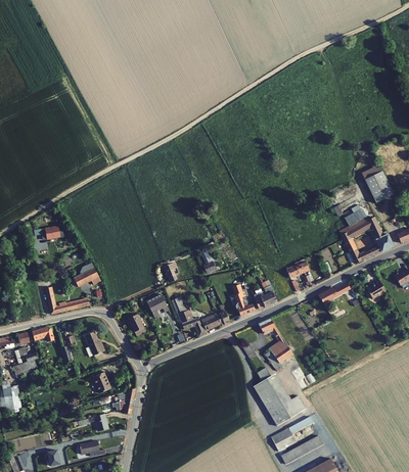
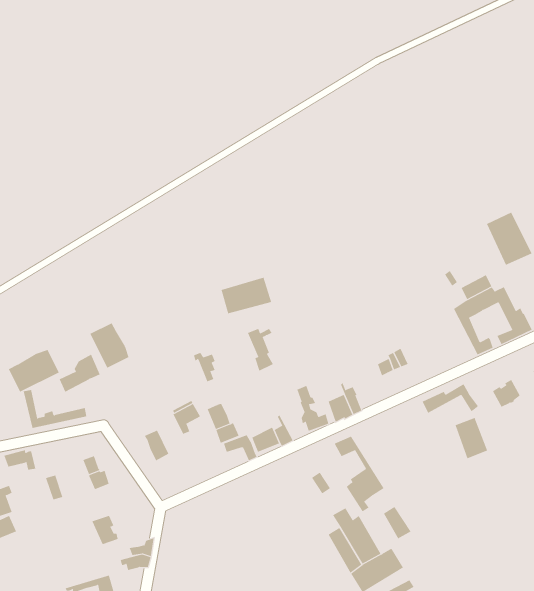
building: none -> [221,277,272,314]
building: none -> [89,323,129,369]
building: none -> [8,349,60,393]
building: none -> [455,417,488,459]

